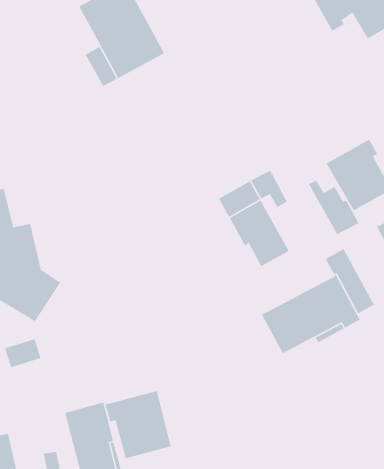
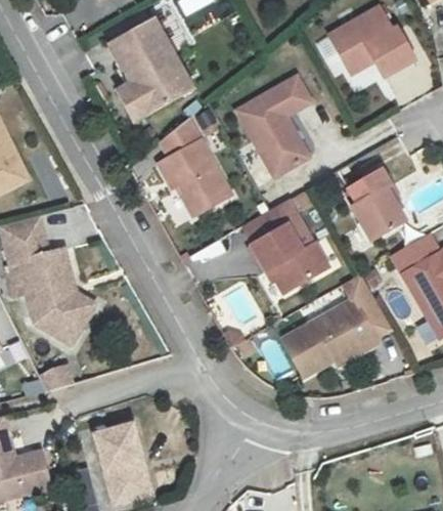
building: none -> [236,77,313,177]
building: none -> [162,117,236,216]
building: [308,179,360,235] -> [282,224,331,278]
building: [105,390,172,459] -> none

